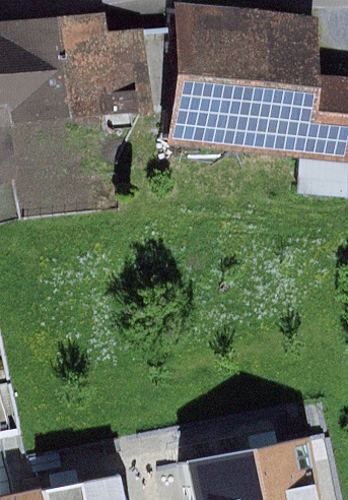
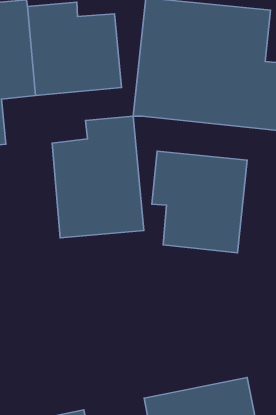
building: none -> [52,116,144,238]
building: none -> [152,151,247,253]

